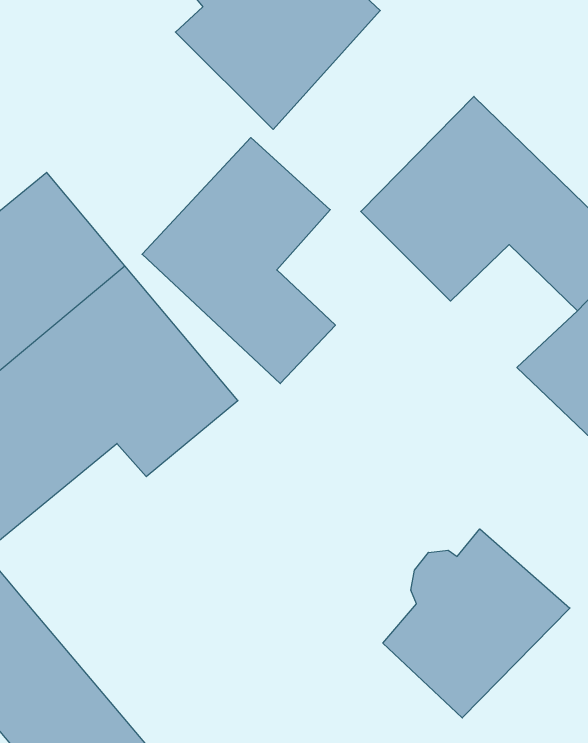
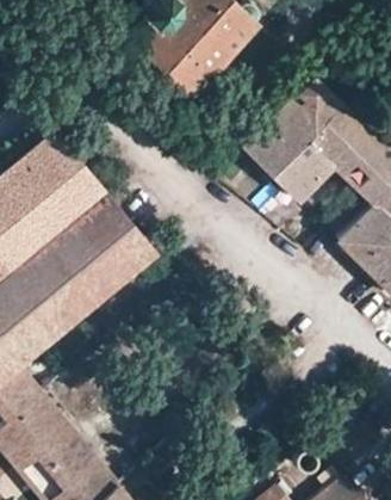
building: [142,138,335,384] -> none
building: [383,529,570,718] -> none

